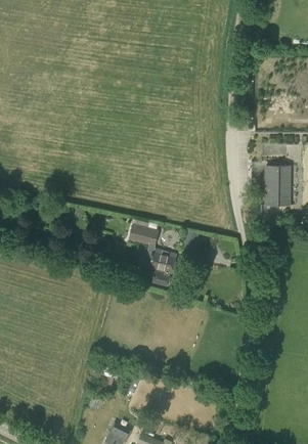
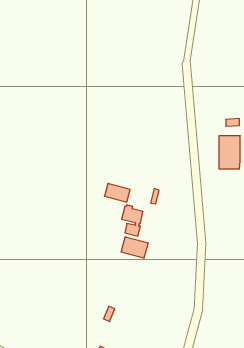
building: none -> [121,237,148,258]

